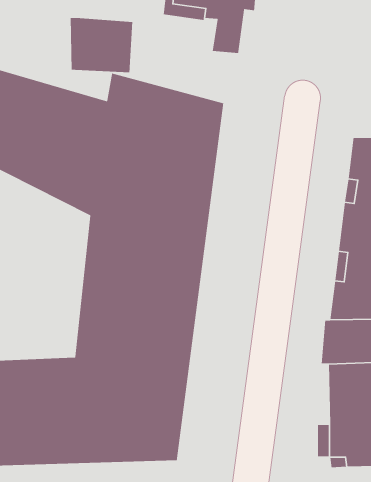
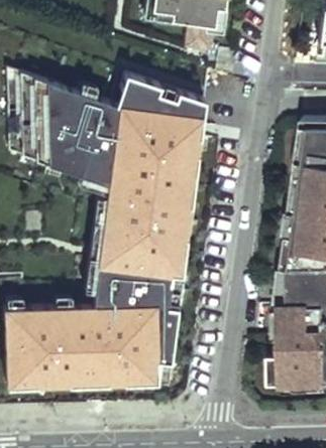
building: [70,17,133,73] -> none

